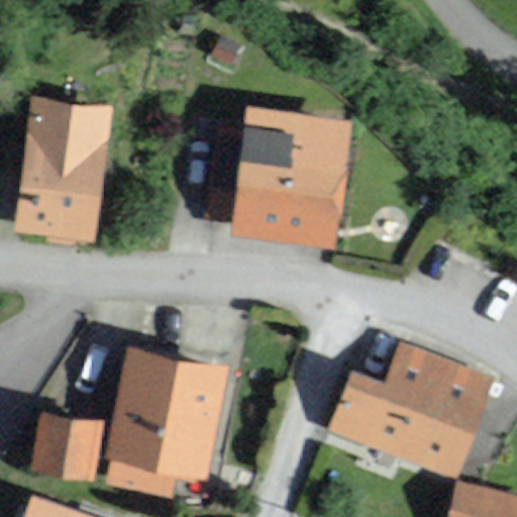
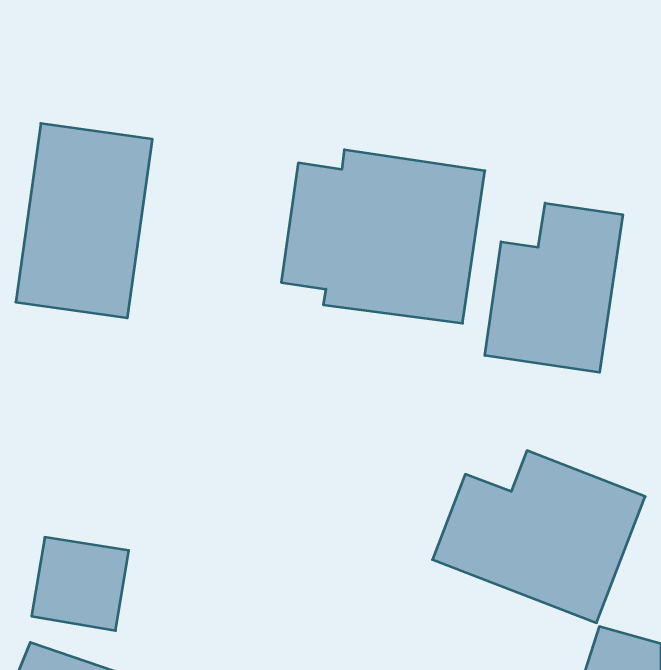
building: none -> [485,203,623,372]
building: [102,345,224,480] -> none

